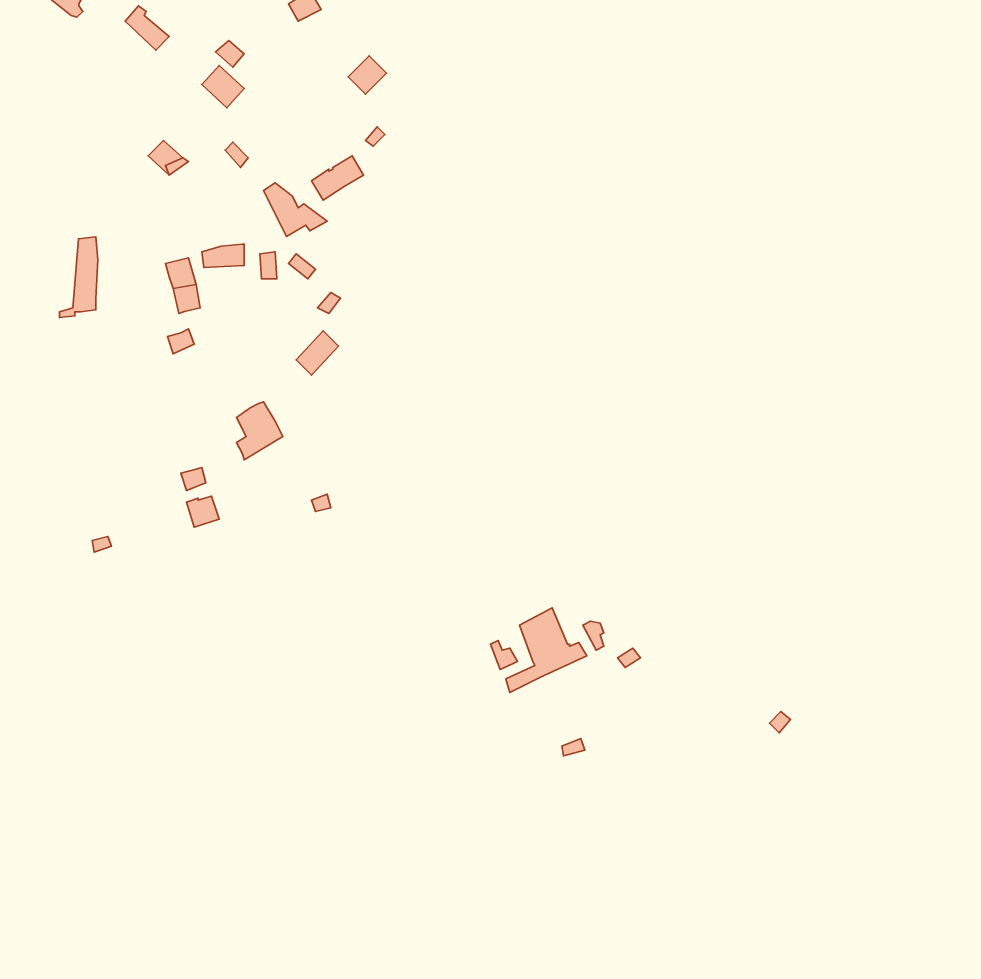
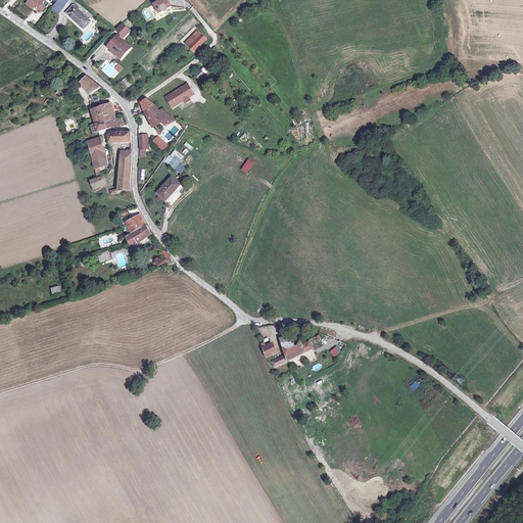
building: none -> [90,102,122,132]
building: [59,237,98,318] -> [110,149,131,192]

